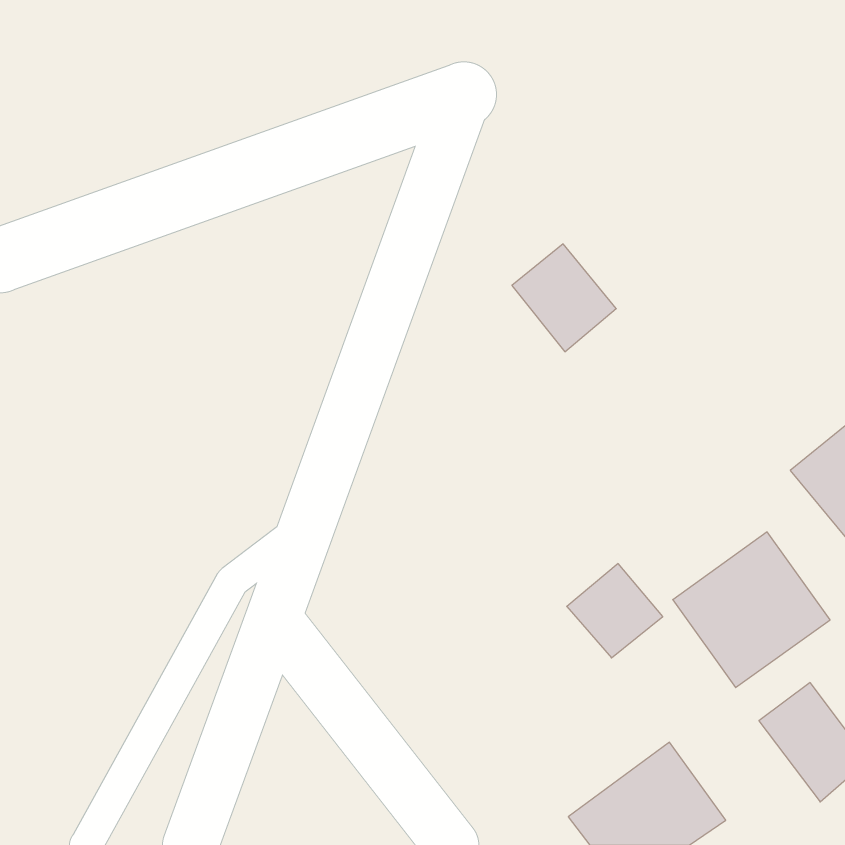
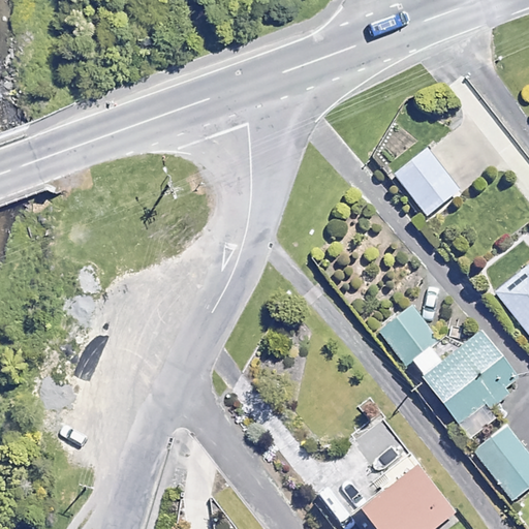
building: [512,244,616,352] -> [394,149,459,216]
building: [567,564,663,658] -> [378,303,438,362]

